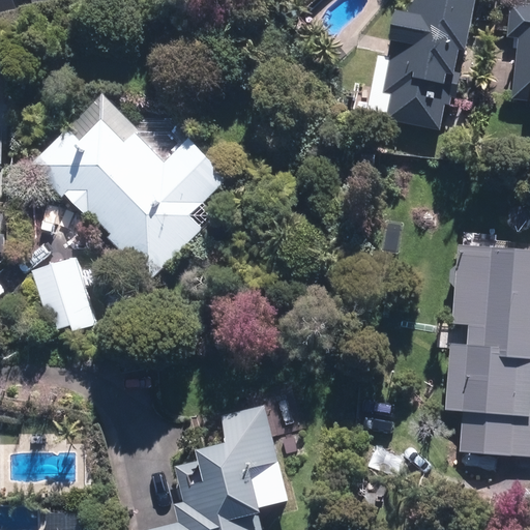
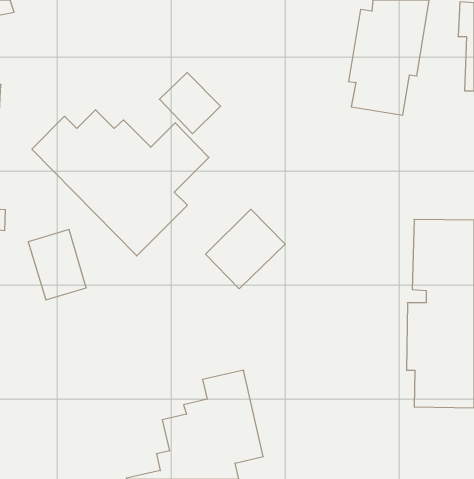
building: none -> [159,72,221,134]
building: none -> [206,209,285,289]

